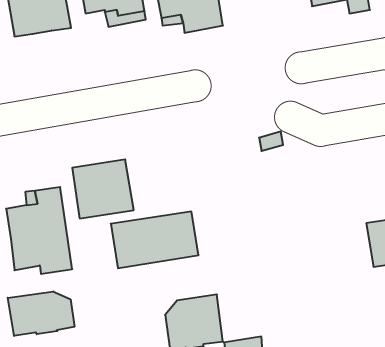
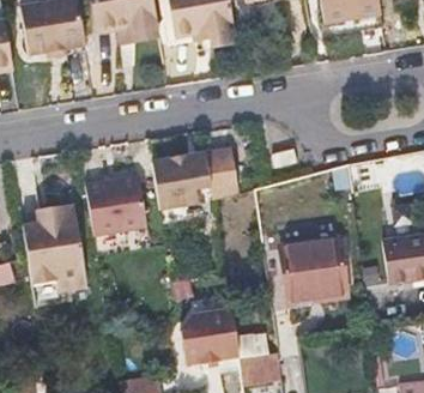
building: [111,212,199,268] -> [152,149,240,205]
building: none -> [277,237,344,300]
building: [8,291,74,336] -> none

